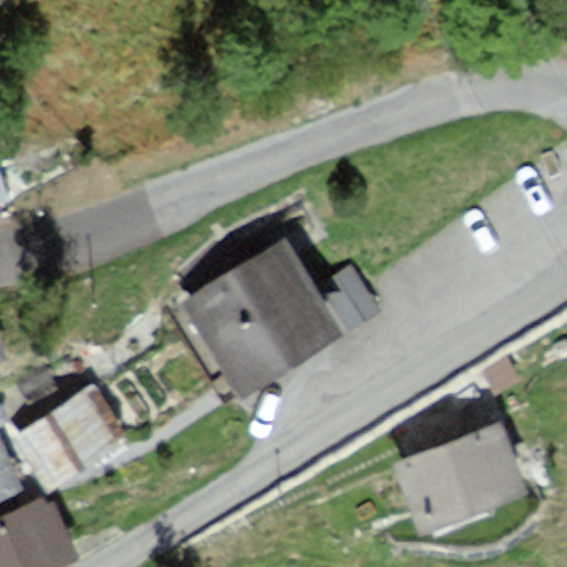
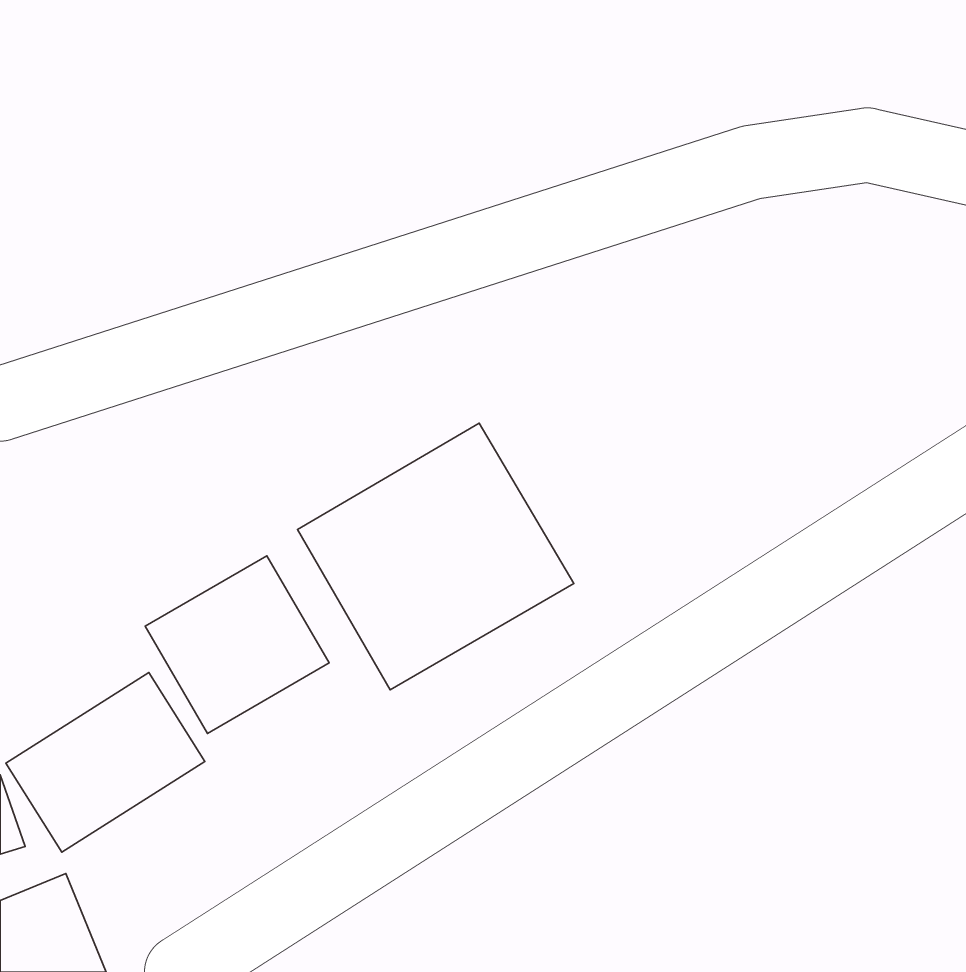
building: none -> [145,556,329,733]
building: [392,429,520,528] -> none

